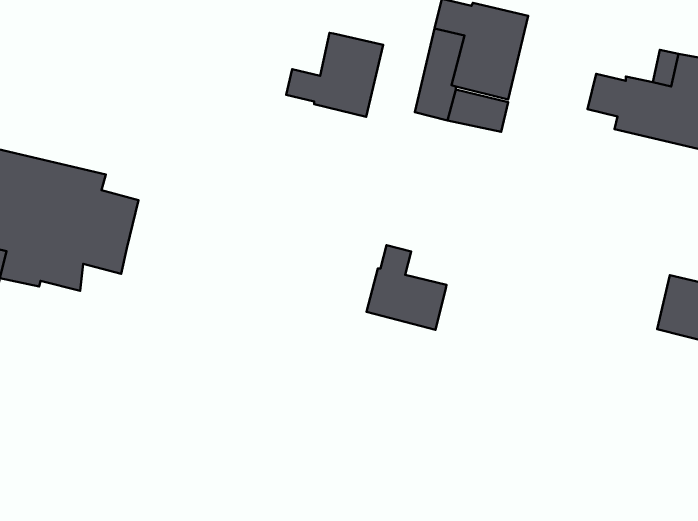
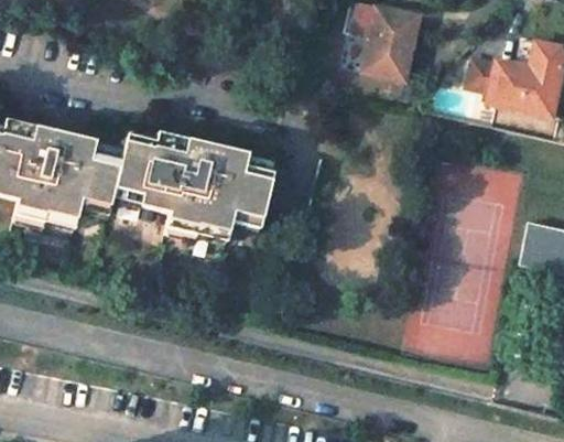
building: [286,33,383,117] -> none
building: none -> [110,128,273,240]
building: [366,245,446,330] -> none

